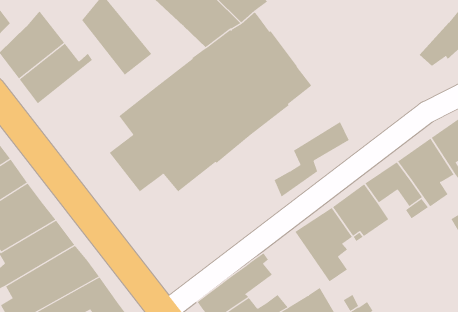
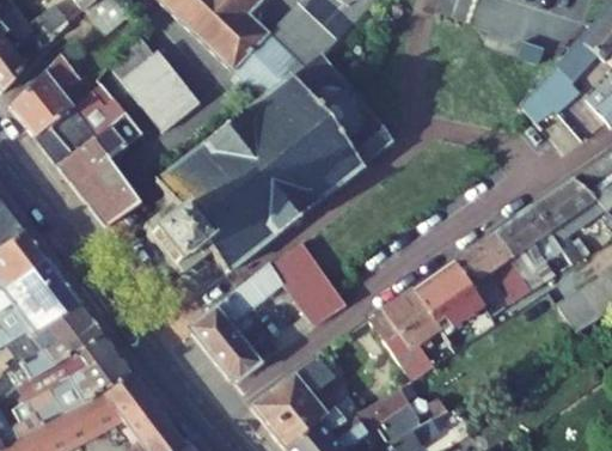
building: none -> [57,112,142,227]
building: [274,121,350,197] -> none
building: none -> [192,242,345,379]

